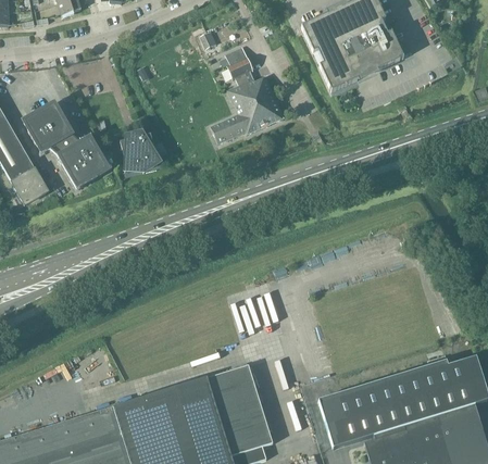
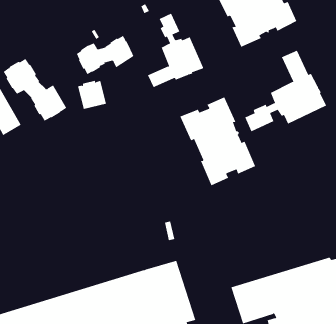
building: none -> [76,35,134,75]
building: none -> [244,50,328,132]
building: none -> [180,96,256,186]

